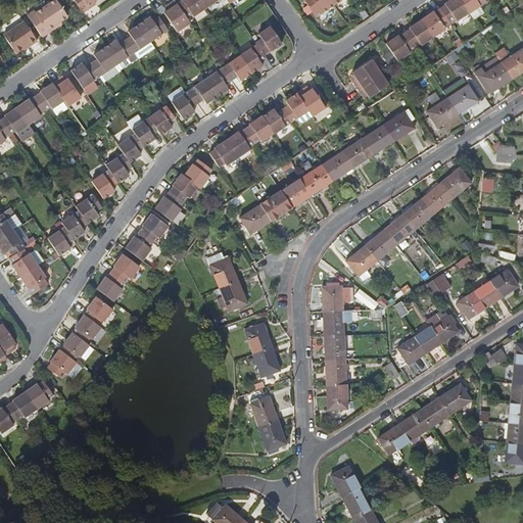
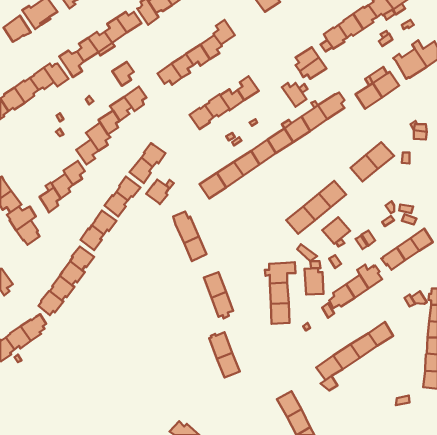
building: [297,86,327,114] -> [282,83,307,107]
building: [172,88,197,116] -> [112,62,134,86]
building: [210,137,239,164] -> none
building: [184,155,211,185] -> [146,179,169,204]
building: [399,200,433,232] -> [322,217,350,244]
building: [320,283,342,315] -> [305,268,323,295]
building: [325,385,347,411] -> none

